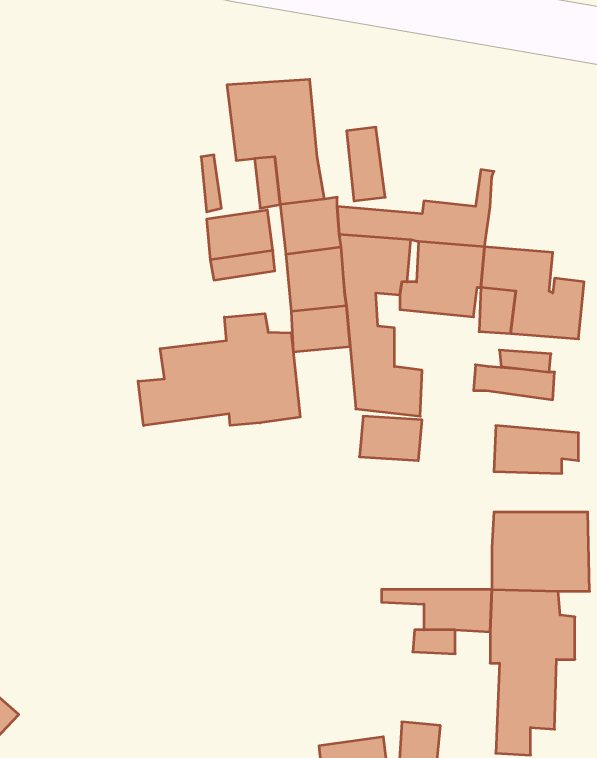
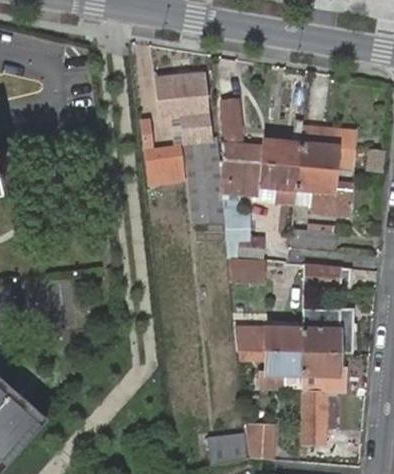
building: none -> [299,128,355,171]
building: [138,314,300,426] -> none
building: none -> [235,328,303,352]

